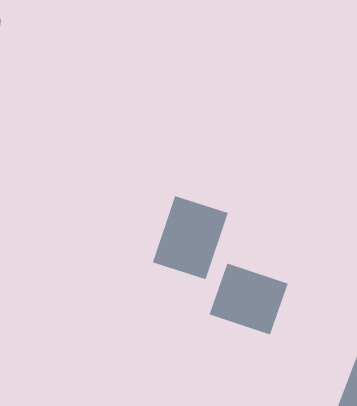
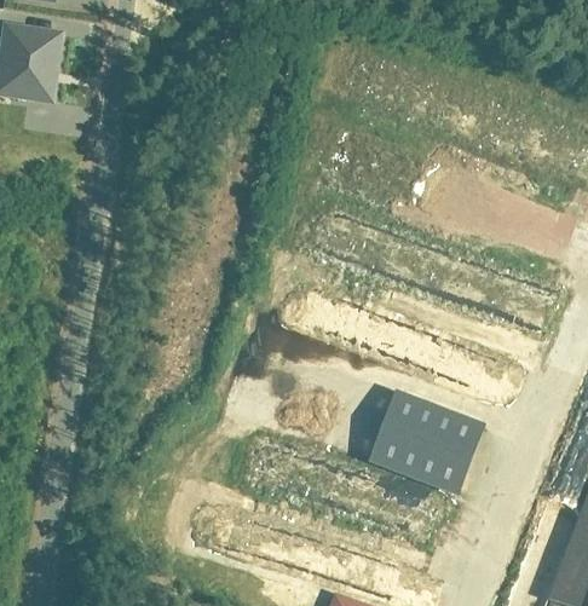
building: [152,195,229,280] -> none

